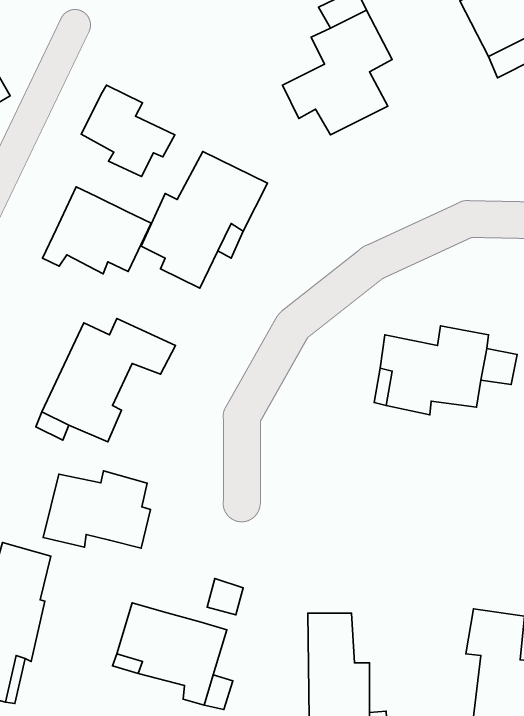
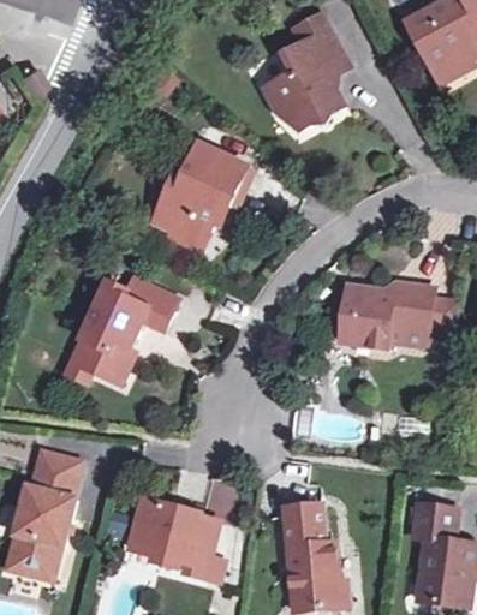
building: [81,85,175,177] -> none
building: [43,187,151,274] -> none
building: [43,471,150,548] -> none

